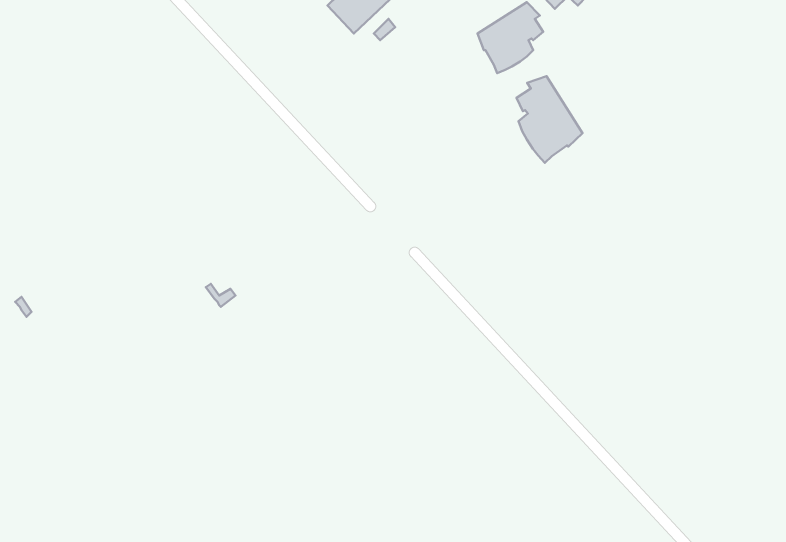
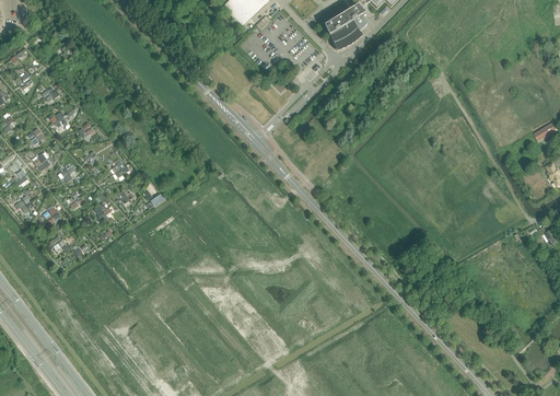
building: [517,76,582,163] -> none

